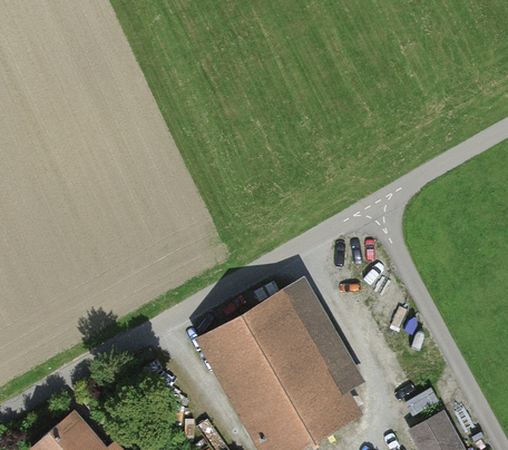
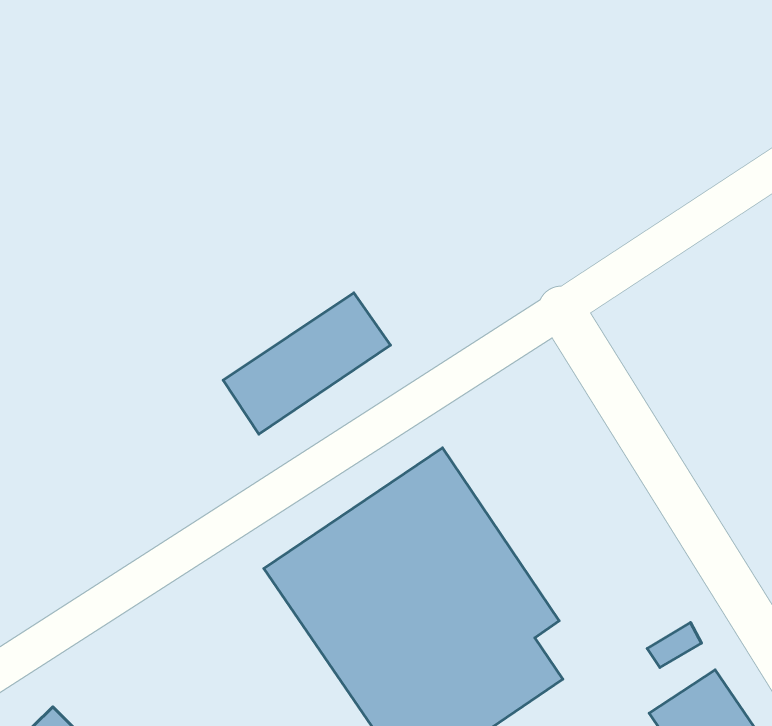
building: none -> [223,293,391,434]

